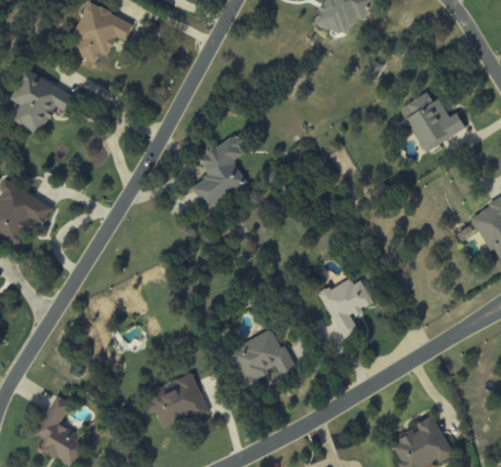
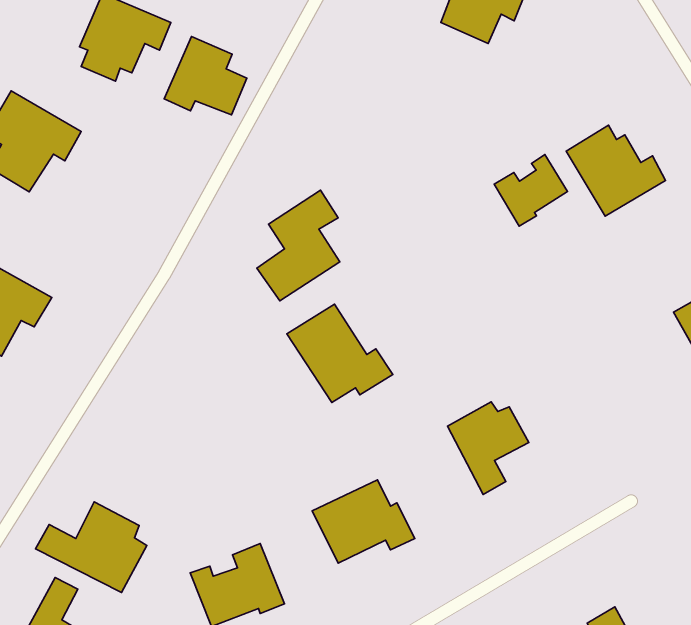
building: none -> [164,37,247,115]
building: none -> [494,155,568,226]
building: none -> [287,304,393,403]
building: none -> [36,502,147,592]

